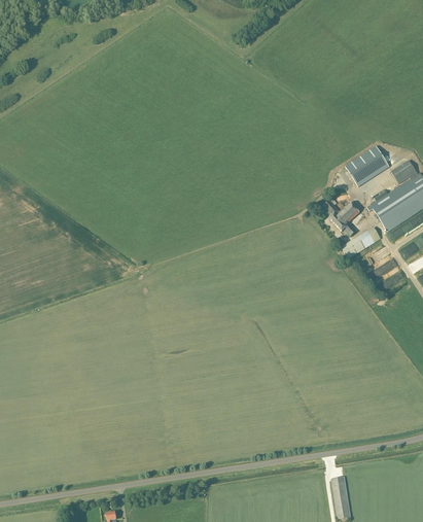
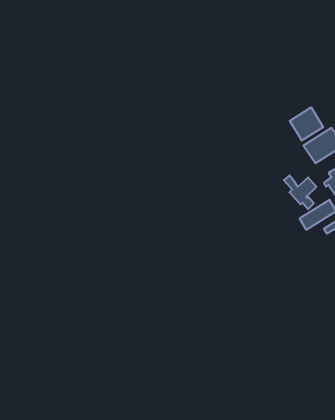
building: none -> [290,107,323,141]

